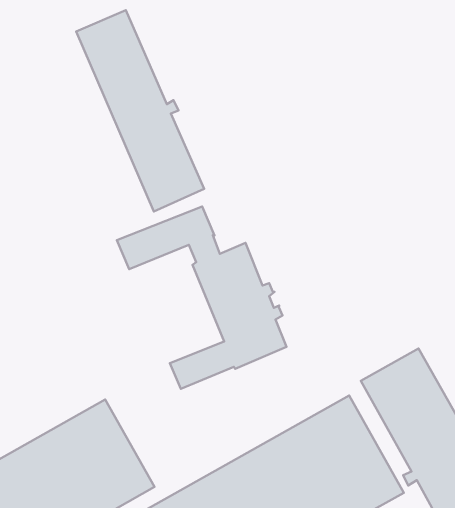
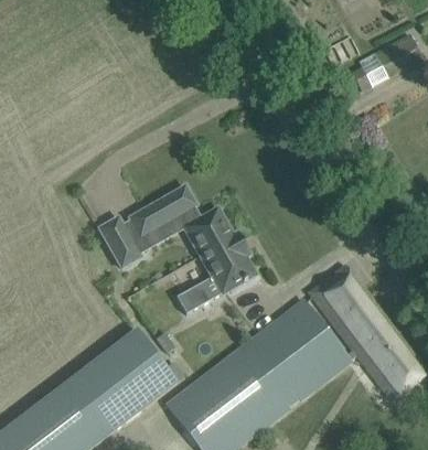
building: [76,10,204,212] -> none
building: none -> [99,216,141,266]

